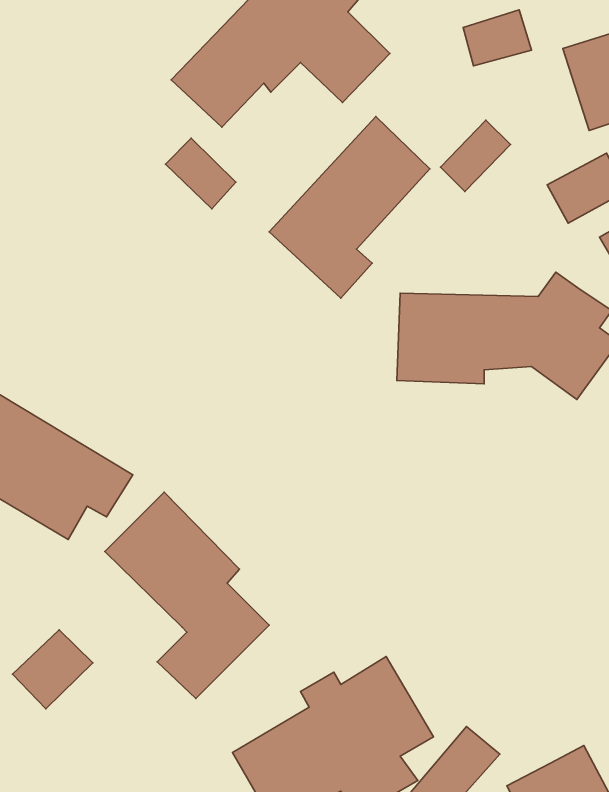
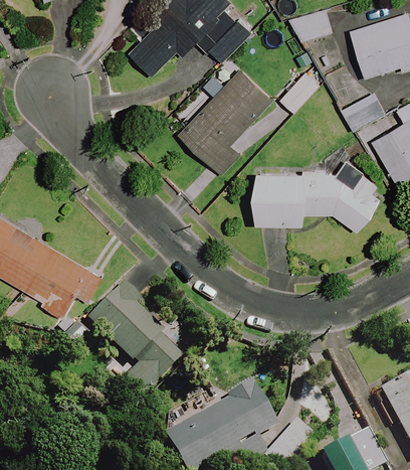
building: [165,138,236,209] -> none
building: [13,630,93,709] -> none

